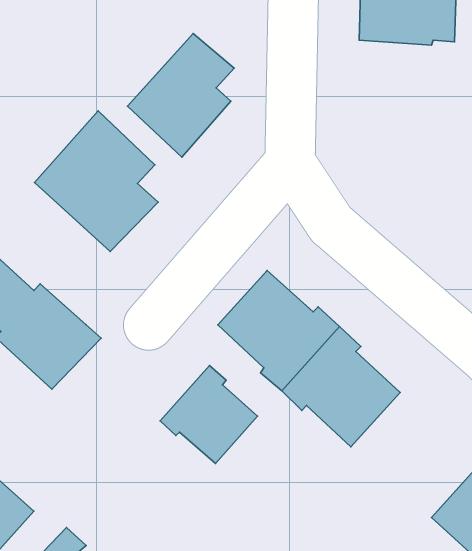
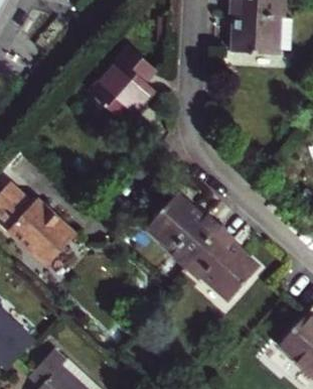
building: [34,111,158,252] -> none
building: [160,366,257,463] -> none

